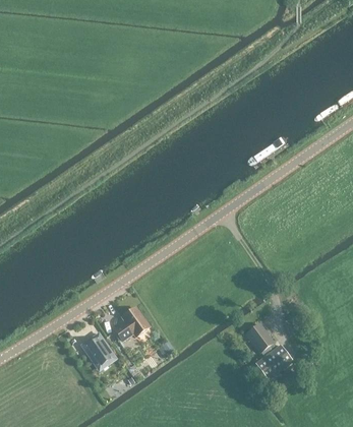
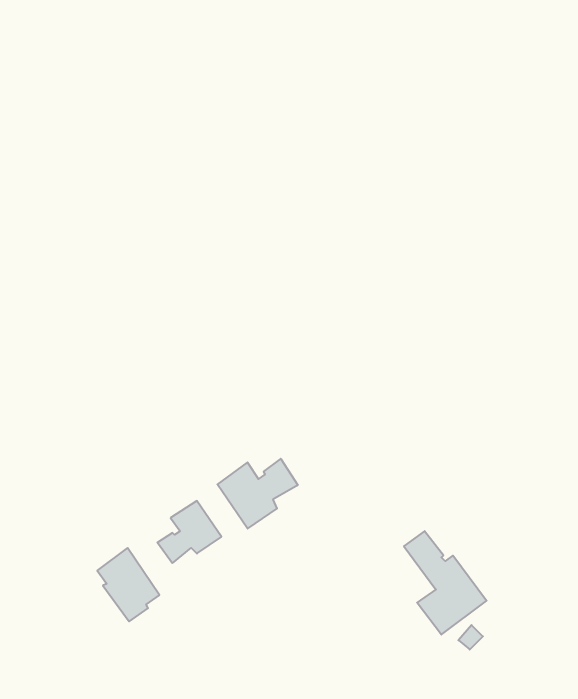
building: none -> [217,459,298,529]

